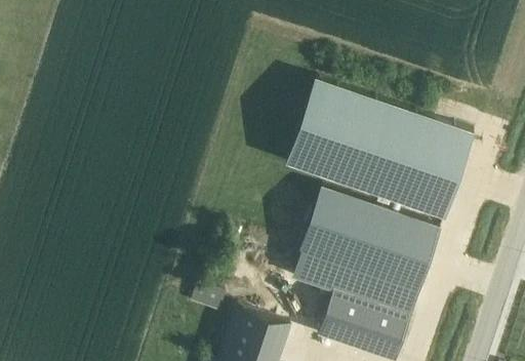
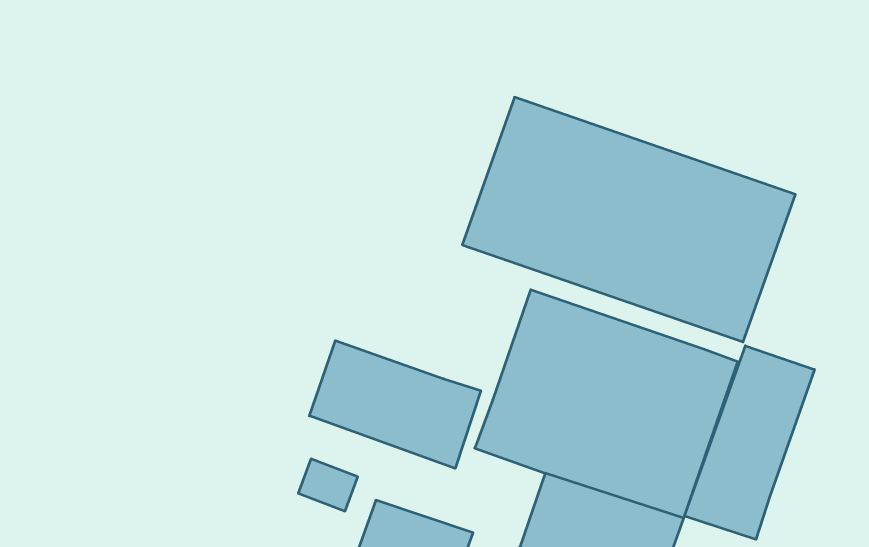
building: none -> [309,341,481,468]
building: none -> [684,346,814,539]

